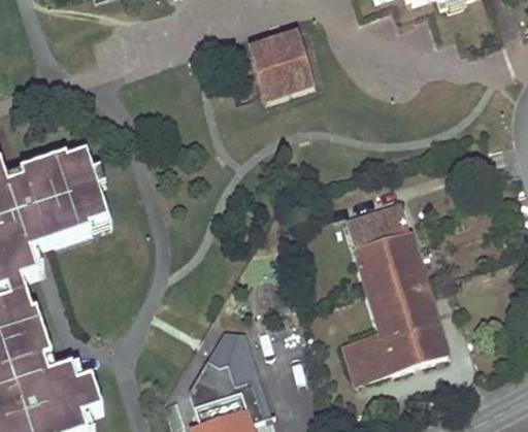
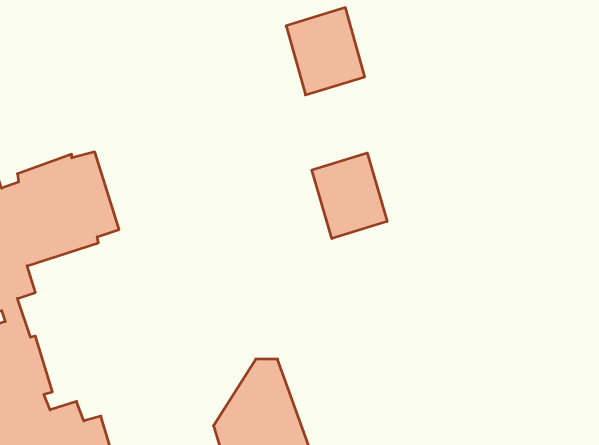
building: none -> [312,153,387,239]
building: [339,201,446,380] -> none

